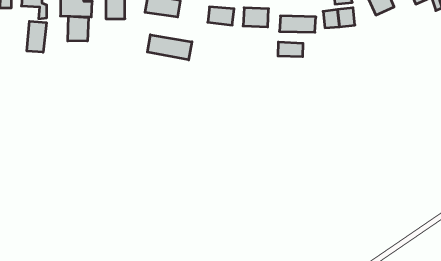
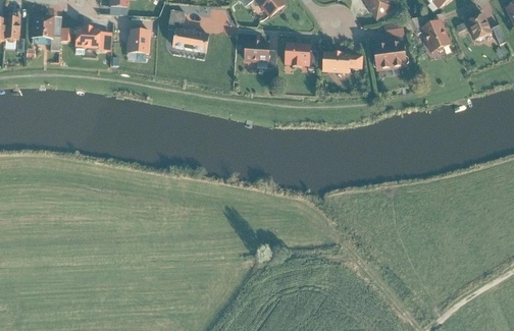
building: [68,16,88,41] -> none
building: [27,21,46,52] -> none
building: [147,35,192,60] -> none
building: [278,42,303,57] -> none

